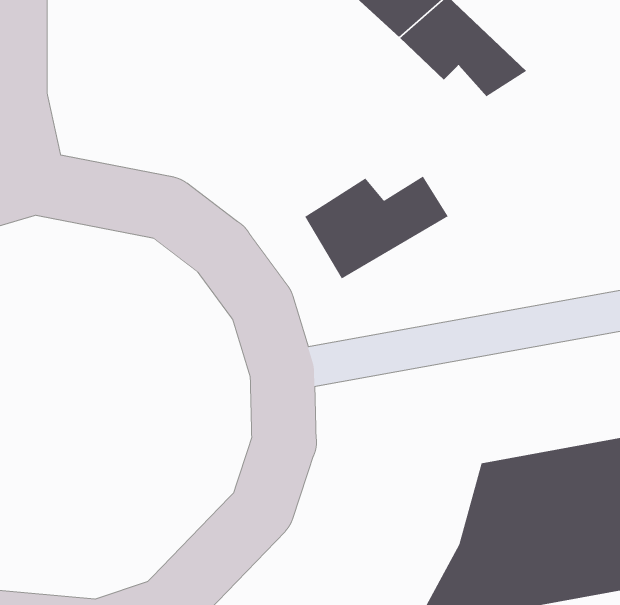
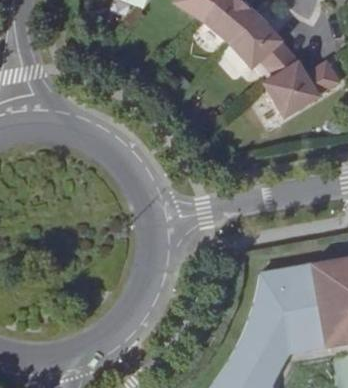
building: [304,176,449,280] -> [263,60,341,116]

